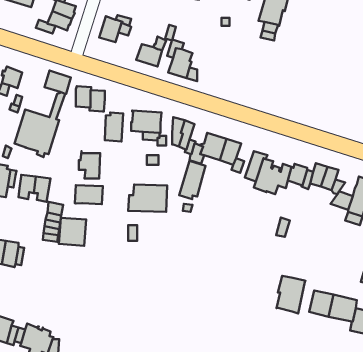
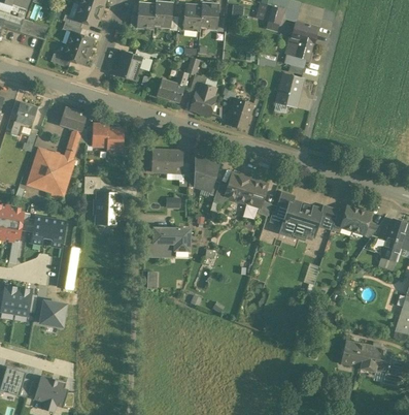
building: none -> [276,73,303,107]
building: none -> [227,98,252,130]
building: [105,113,123,141] -> none
building: [179,161,205,199] -> none
building: [75,185,103,204] -> none
building: [59,218,86,246] -> [39,297,68,327]
building: [276,276,305,314] -> none

